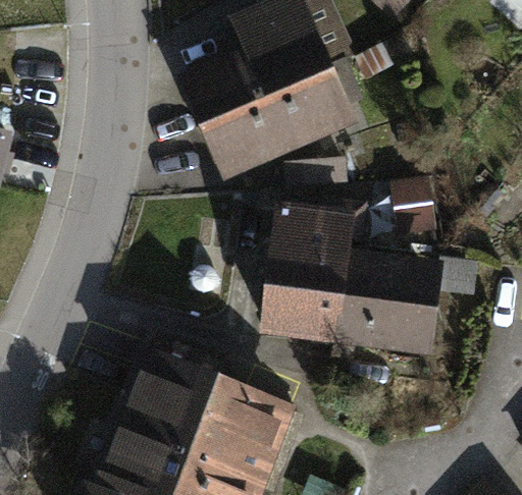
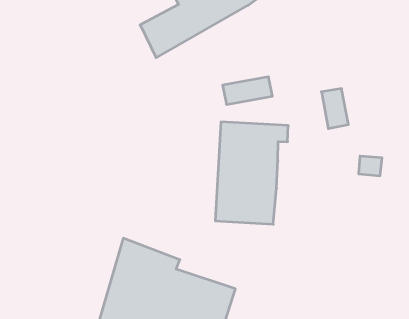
building: [212,72,344,164] -> none
building: [335,261,438,356] -> none

